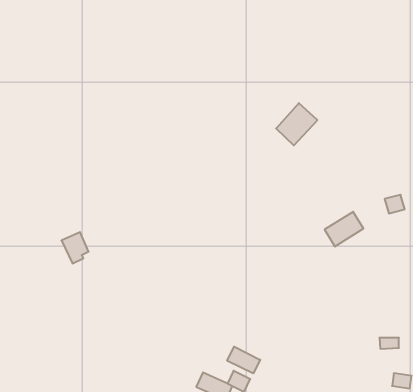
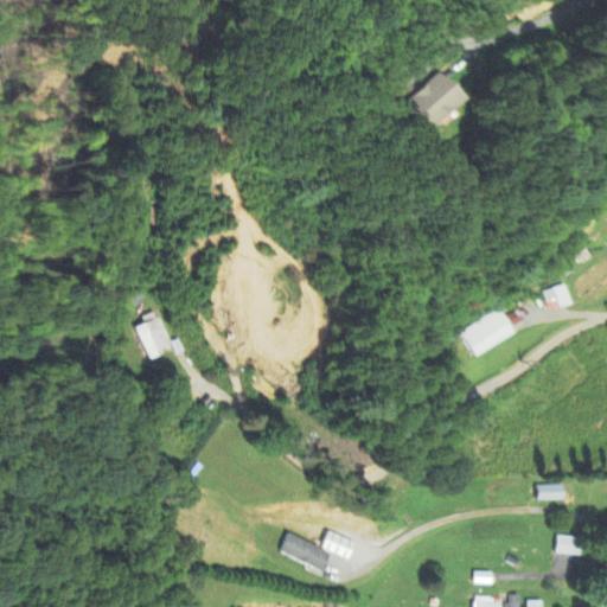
building: [276,103,317,145] -> [404,70,462,129]
building: [61,232,89,263] -> [135,314,173,358]
building: [227,347,260,373] -> none

